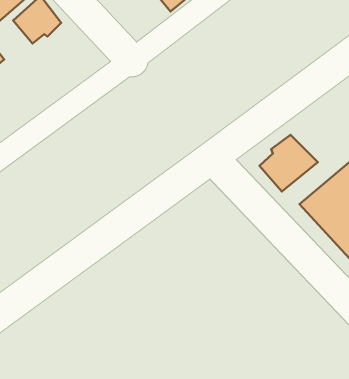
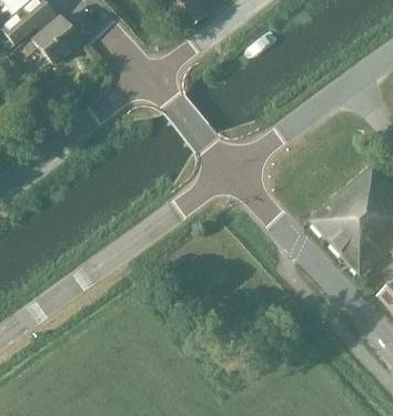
building: [259,135,318,192] -> none

